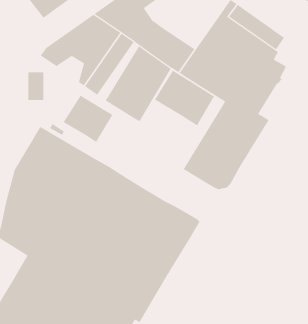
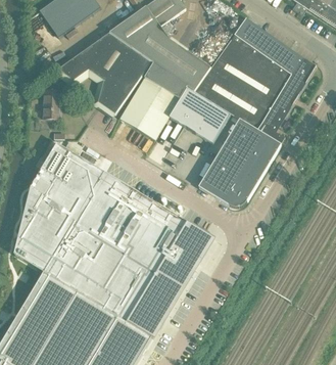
building: none -> [290,56,317,85]
building: [63,95,113,143] -> none

